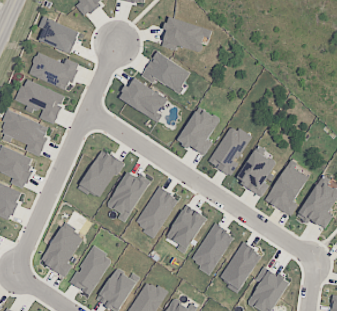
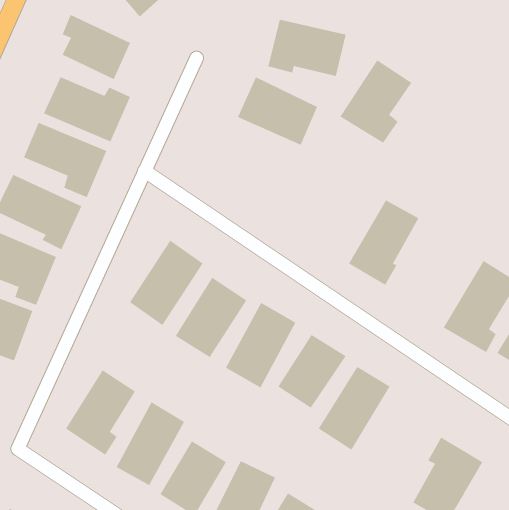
building: [119,77,165,121] -> none
building: [177,106,220,156] -> [340,59,412,144]
building: [236,149,275,196] -> none
building: [220,242,261,294] -> none

